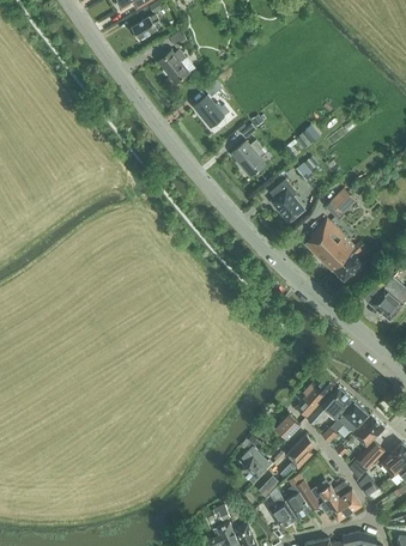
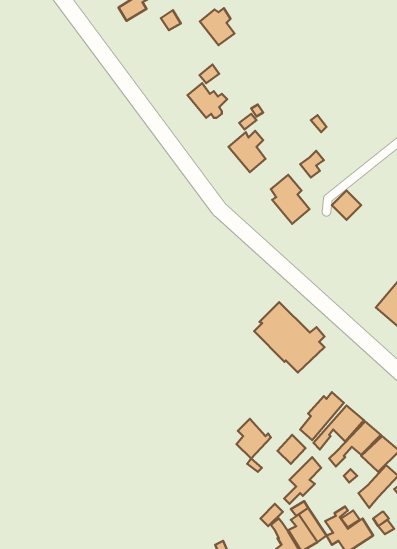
building: [158,49,189,83] -> [200,8,234,45]
building: [304,218,368,281] -> [254,302,324,372]
building: [241,447,272,483] -> [236,419,271,459]

